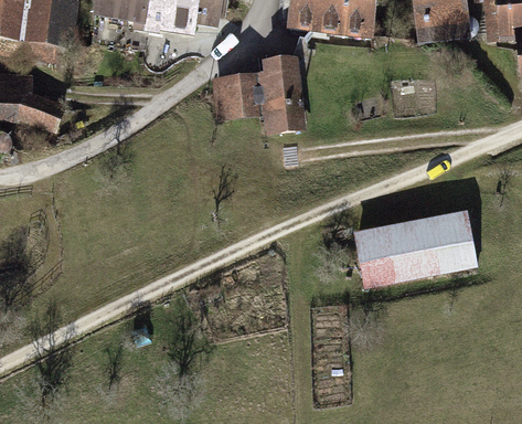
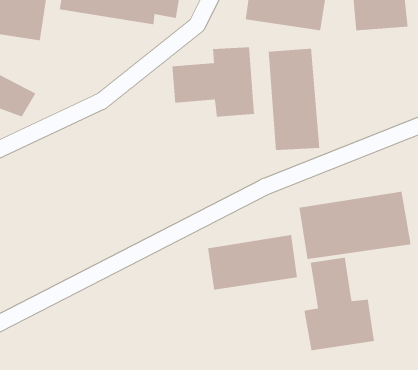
building: none -> [268,48,320,151]
building: none -> [207,234,298,290]
building: none -> [304,257,375,351]

